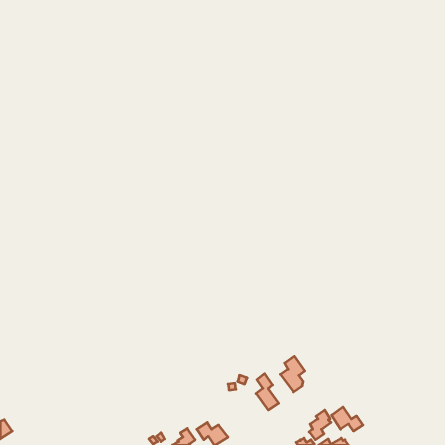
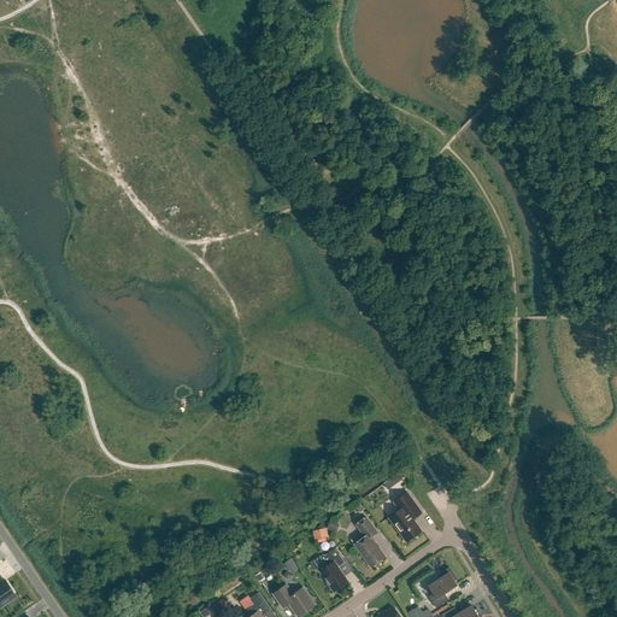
building: none -> [311,548,348,593]
building: [332,407,363,431] -> none

